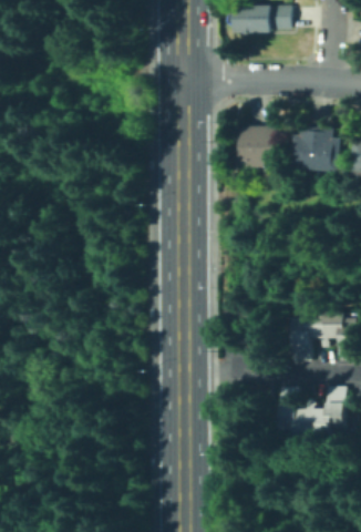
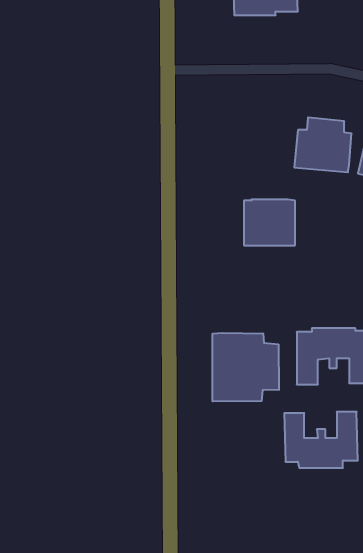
building: [234,125,279,166] -> [244,199,295,245]
building: none -> [213,333,279,401]

